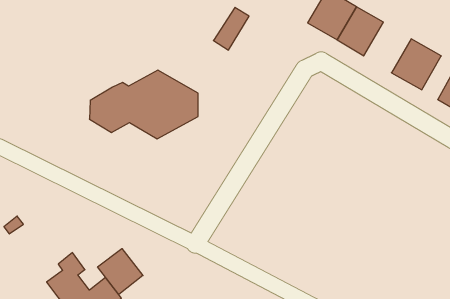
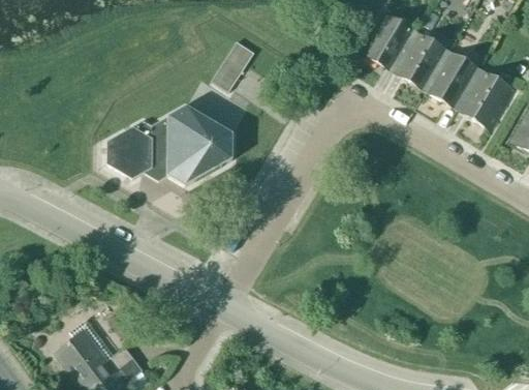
building: [213,7,249,50] -> [212,40,253,90]
building: none -> [426,50,480,109]
building: [98,249,143,295] -> none

